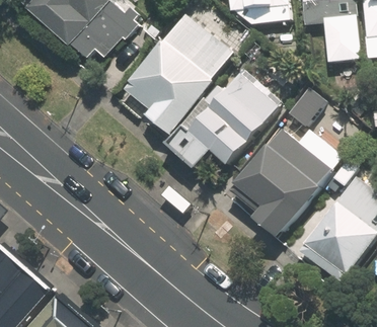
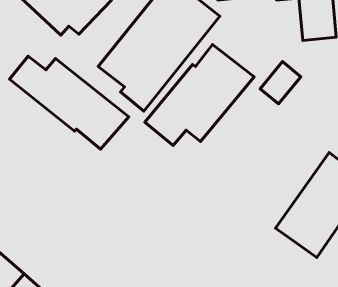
building: none -> [9,56,129,149]
building: [235,128,344,238] -> none

